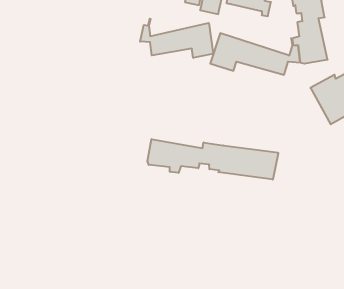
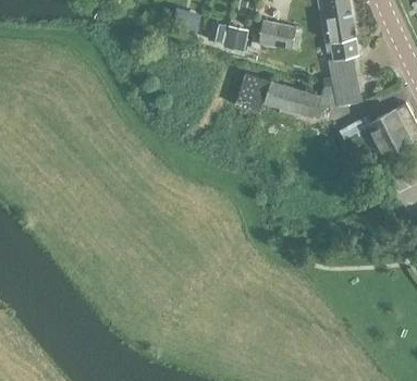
building: [140,19,213,58] -> none
building: [147,139,278,180] -> none

